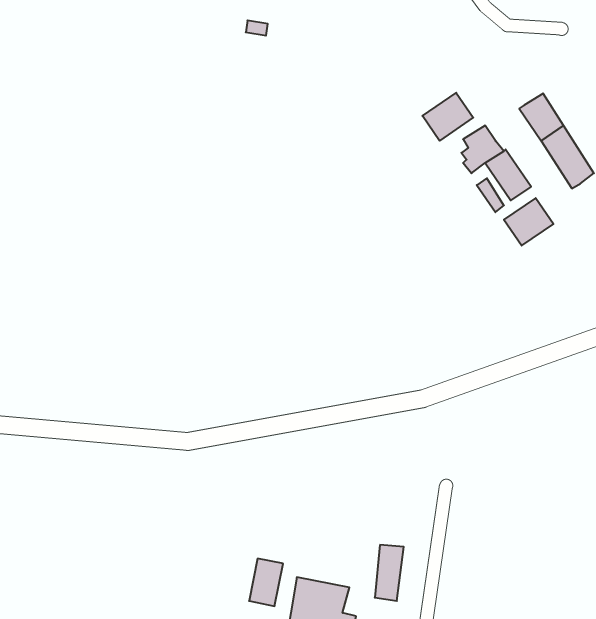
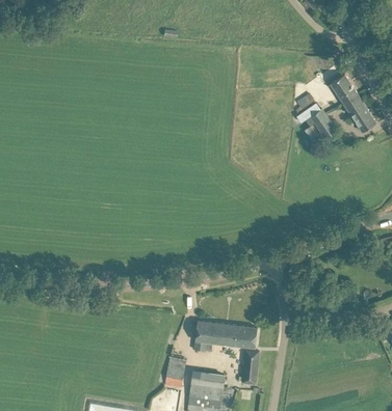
building: [422,93,473,141] -> none
building: [504,198,553,246] -> none
building: none -> [193,321,257,351]

